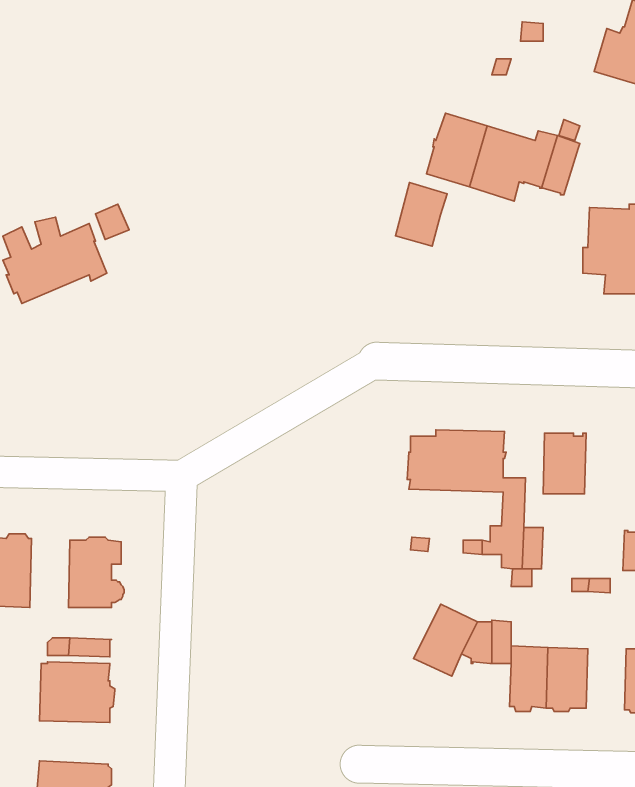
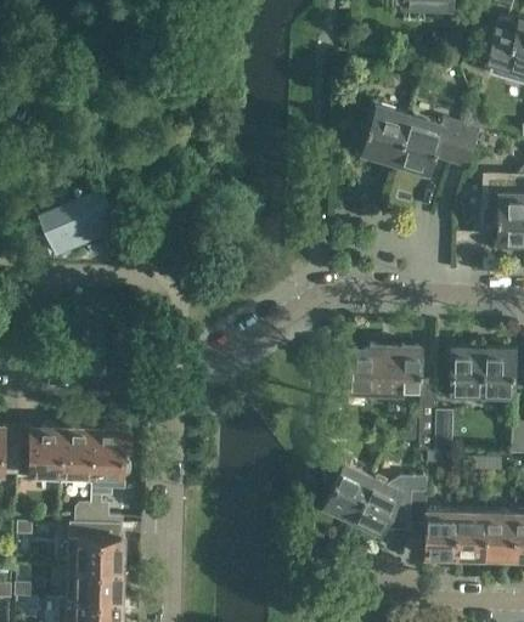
building: [396,183,447,246] -> none
building: none -> [483,350,515,397]
building: none -> [61,428,91,482]
building: none -> [323,452,373,521]
building: none -> [484,514,514,562]
building: none -> [68,569,124,601]

